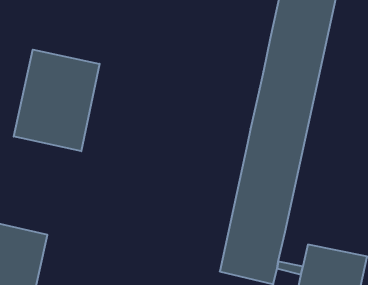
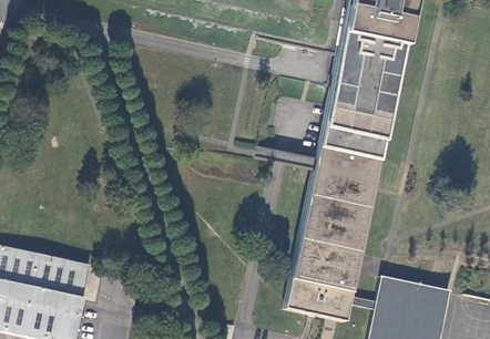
building: [14,50,100,151] -> none

